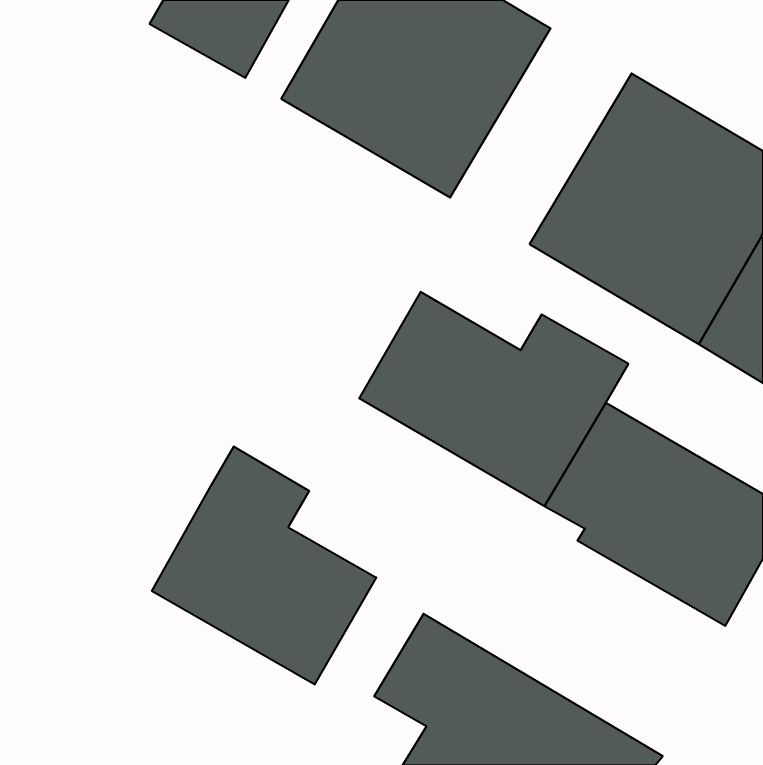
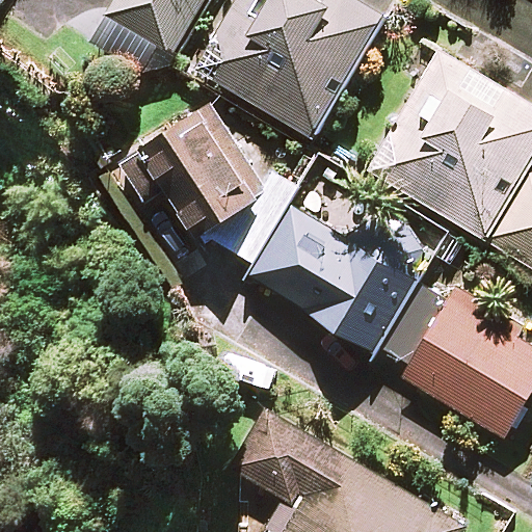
building: none -> [114,99,296,264]
building: [152,446,376,684] -> none

